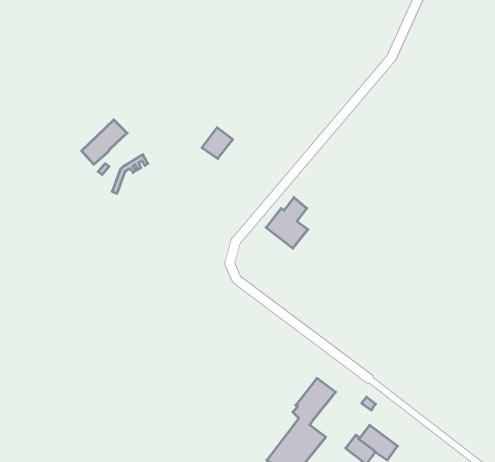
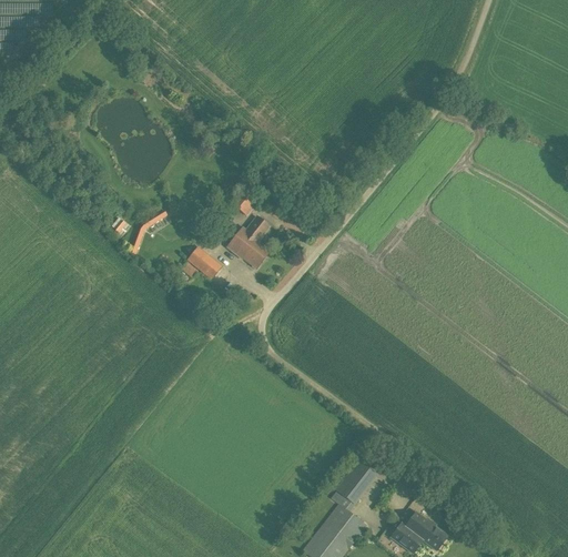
building: [82,120,127,164] -> none
building: none -> [186,246,223,280]
building: [266,197,308,248] -> [225,214,272,271]

